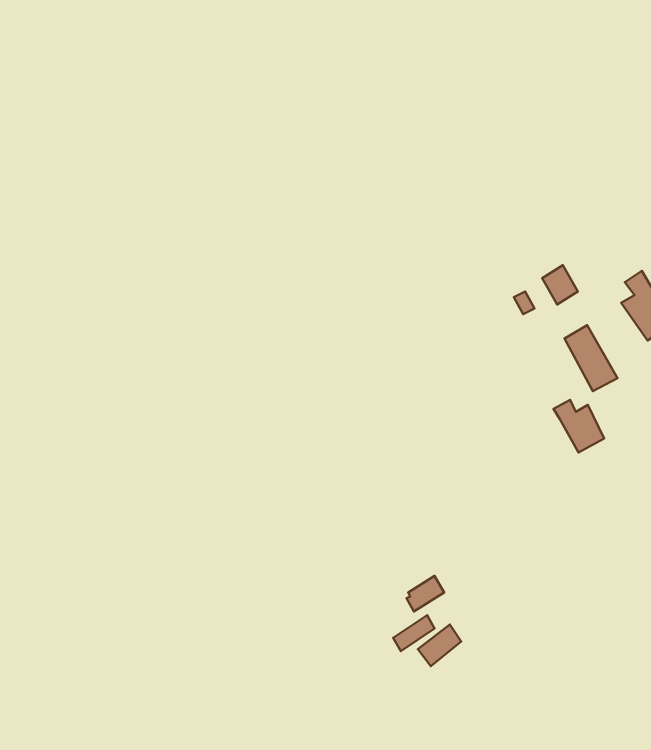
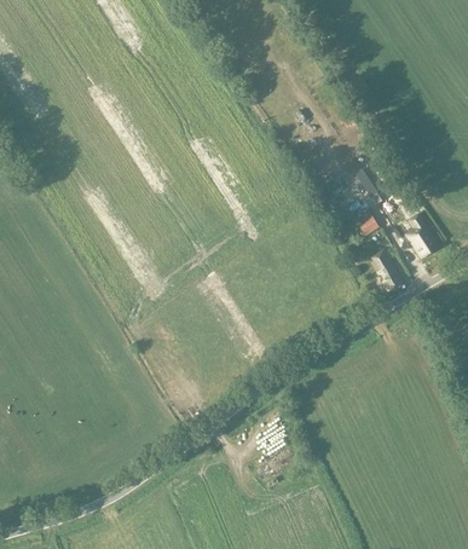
building: [553,400,604,452] -> none

